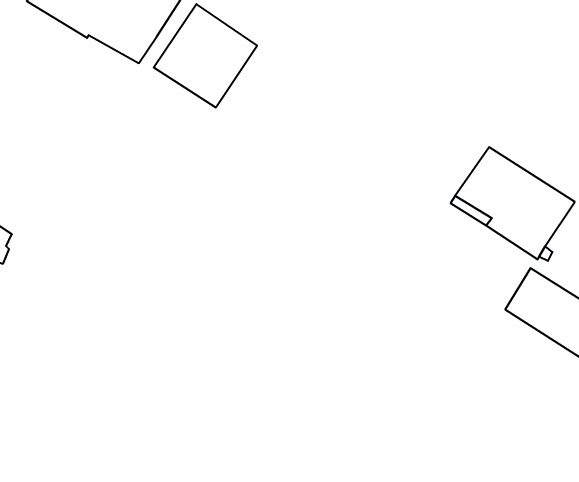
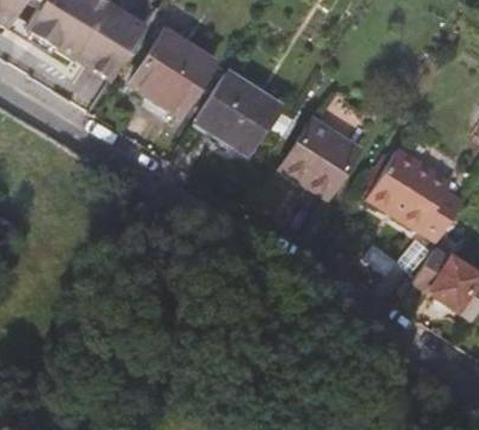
building: none -> [199,68,281,149]
building: none -> [285,121,362,196]

